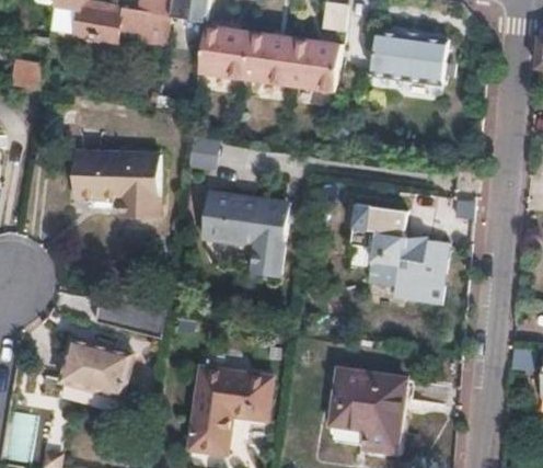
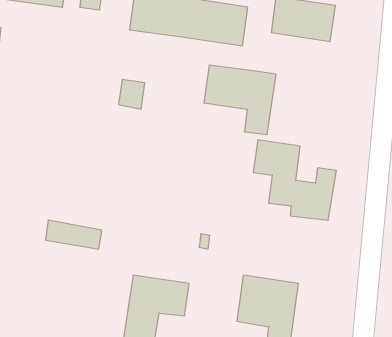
building: [72,155,159,220] -> none
building: [205,187,292,272] -> [204,65,276,135]
building: [59,341,132,400] -> none

